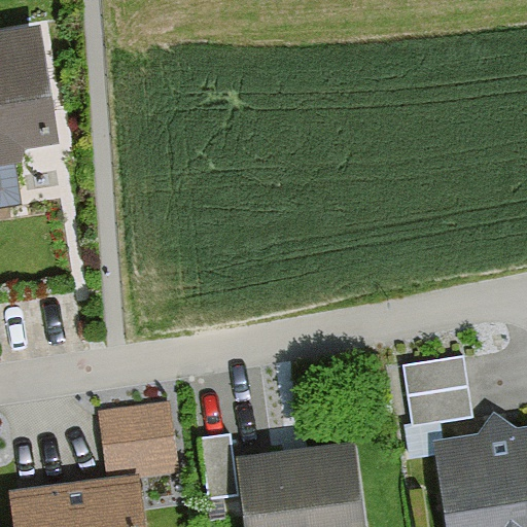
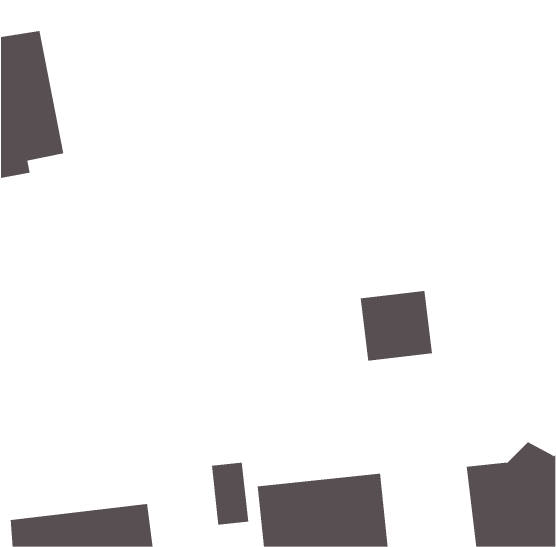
building: [402,360,471,427] -> [360,290,433,361]
building: [95,405,173,478] -> none

